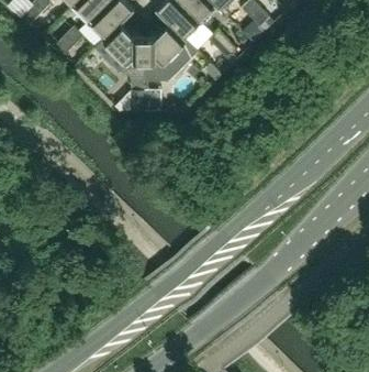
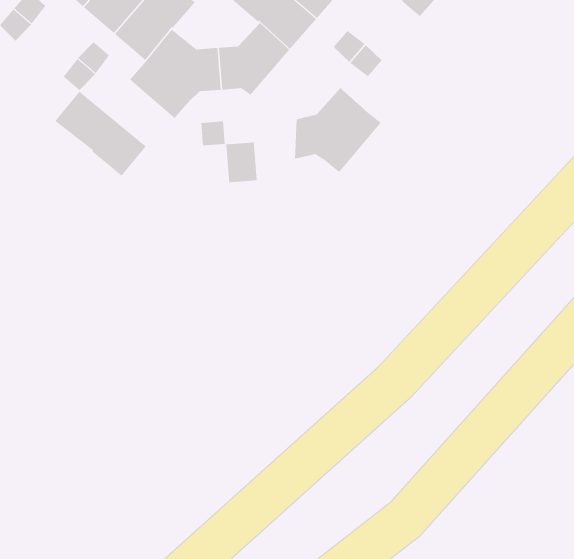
building: none -> [55,91,146,176]
building: none -> [295,86,381,173]

